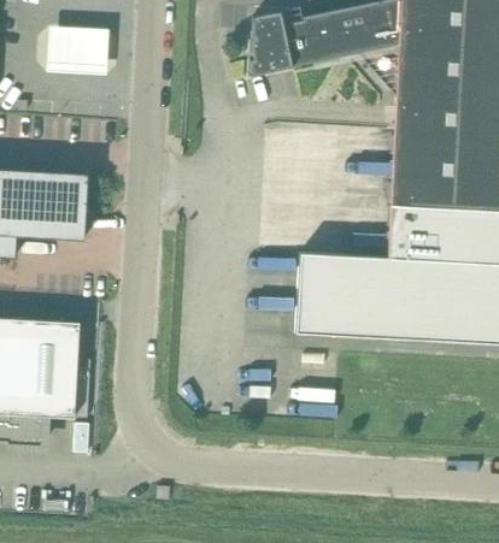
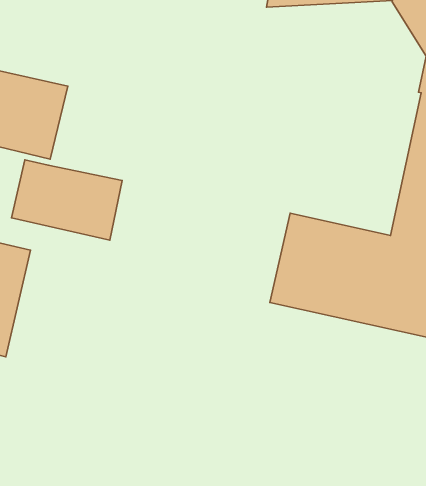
building: none -> [12,160,122,240]

